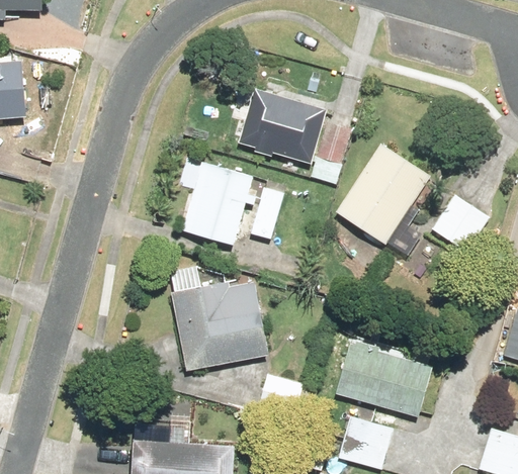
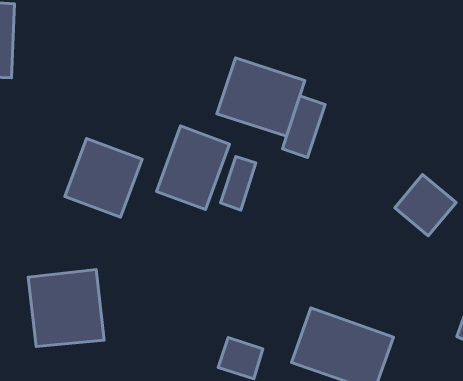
building: [335,141,433,247] -> none
building: none -> [65,138,142,217]
building: [167,268,268,372] -> none
building: none -> [28,269,104,347]

